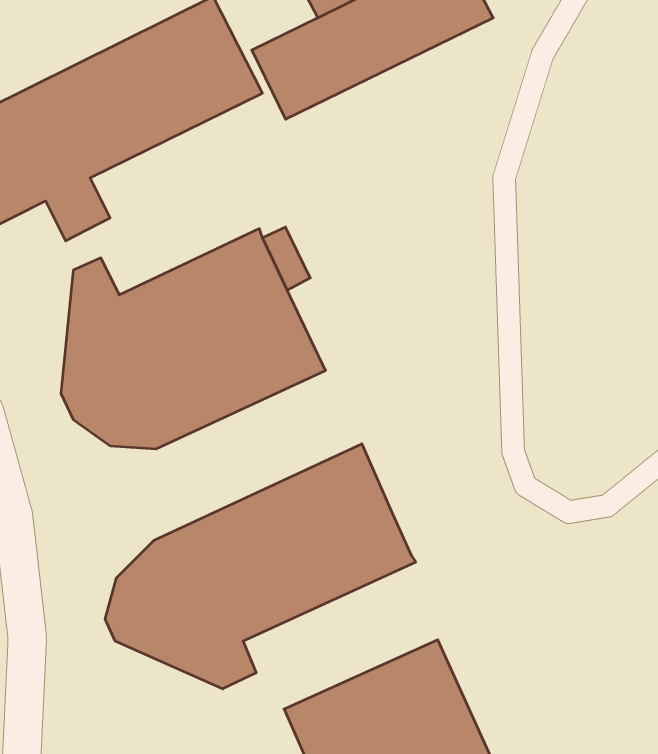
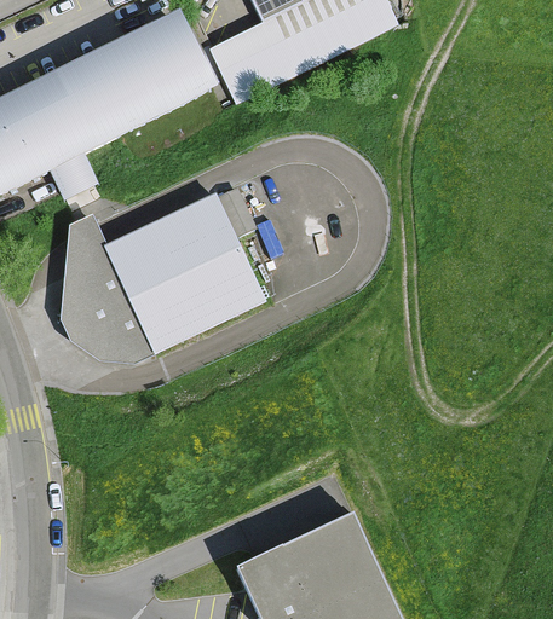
building: [105,444,416,689] -> none

